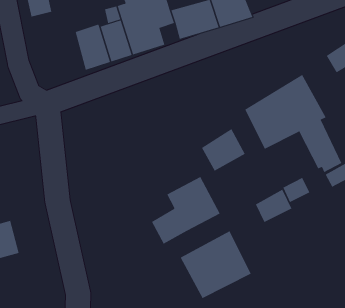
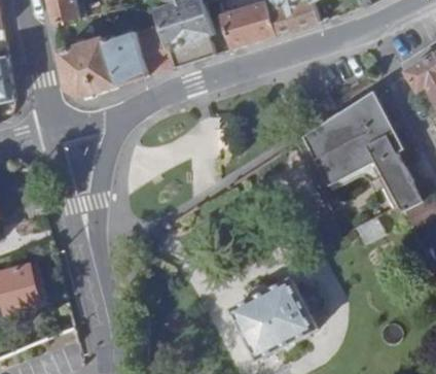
building: none -> [58,36,117,97]
building: [201,128,246,171] -> none
building: [151,176,221,244] -> none
building: [255,189,292,223] -> none

